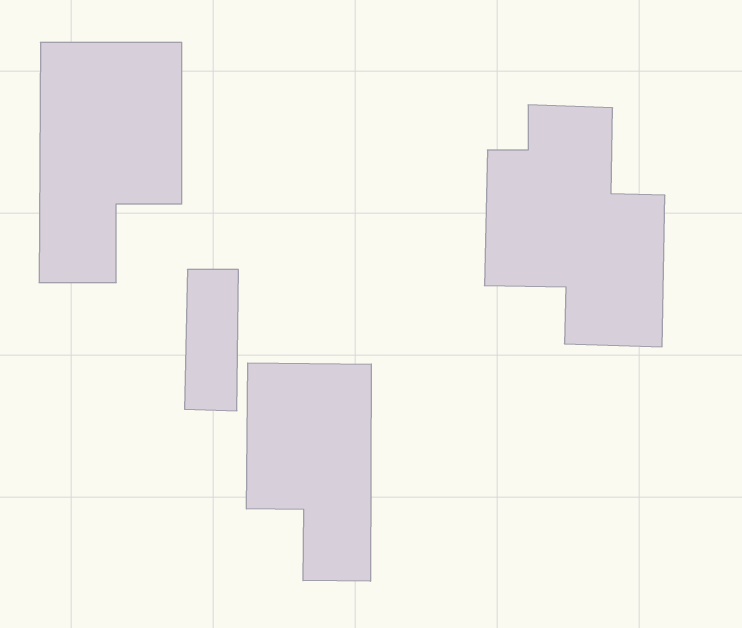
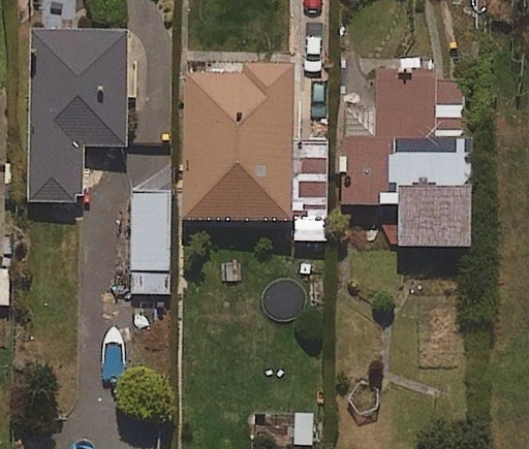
building: none -> [184,69,293,220]
building: [246,363,371,581] -> none

